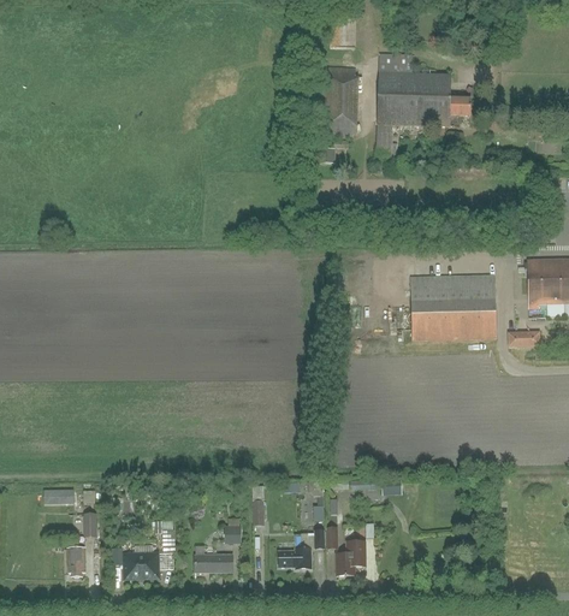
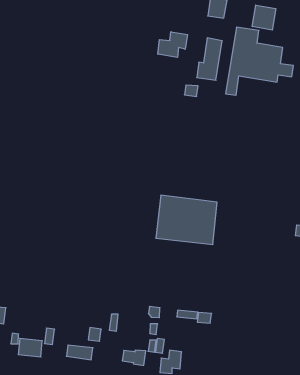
building: none -> [252,5,276,30]
building: none -> [158,32,188,57]
building: [409,274,496,339] -> [156,195,217,244]

